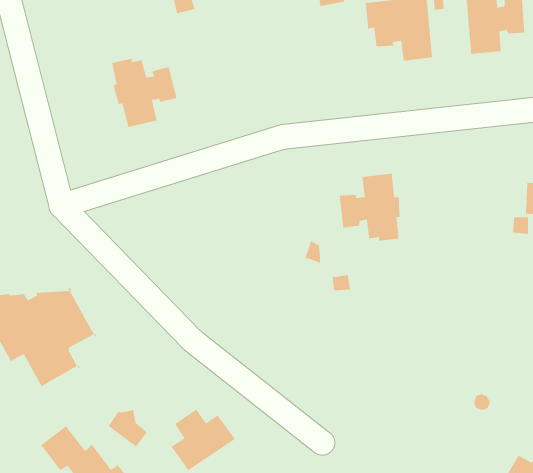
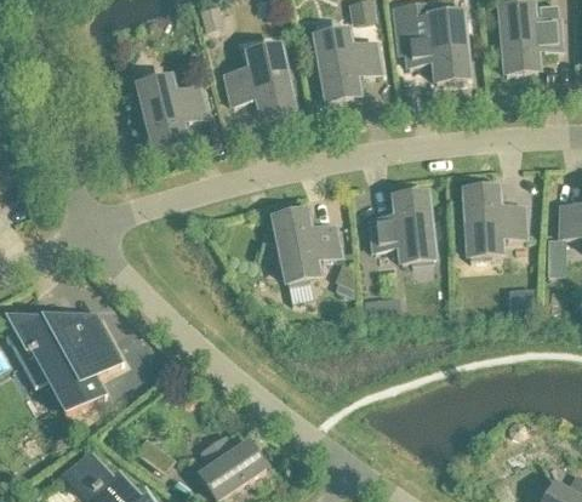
building: none -> [315,28,381,99]
building: none -> [226,41,292,115]
building: none -> [463,188,525,258]
building: none -> [274,211,341,284]

